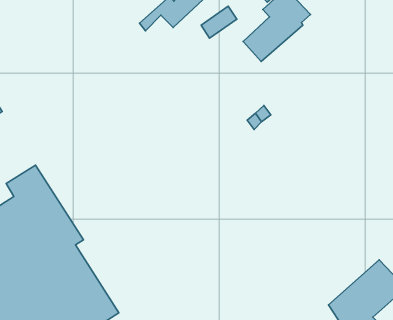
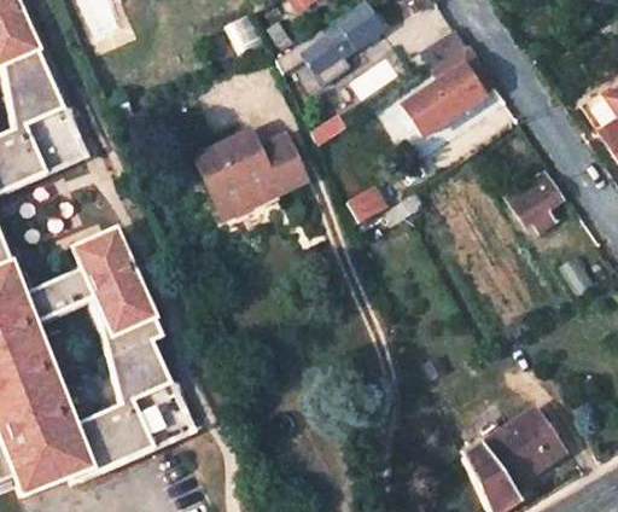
building: none -> [513,173,561,233]
building: none -> [193,132,301,208]

